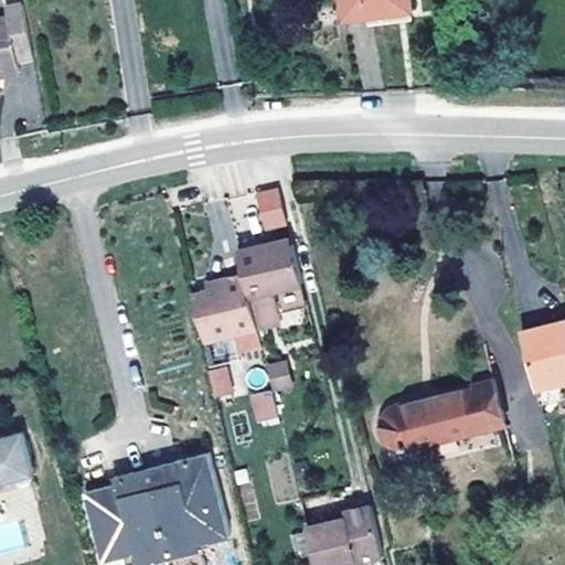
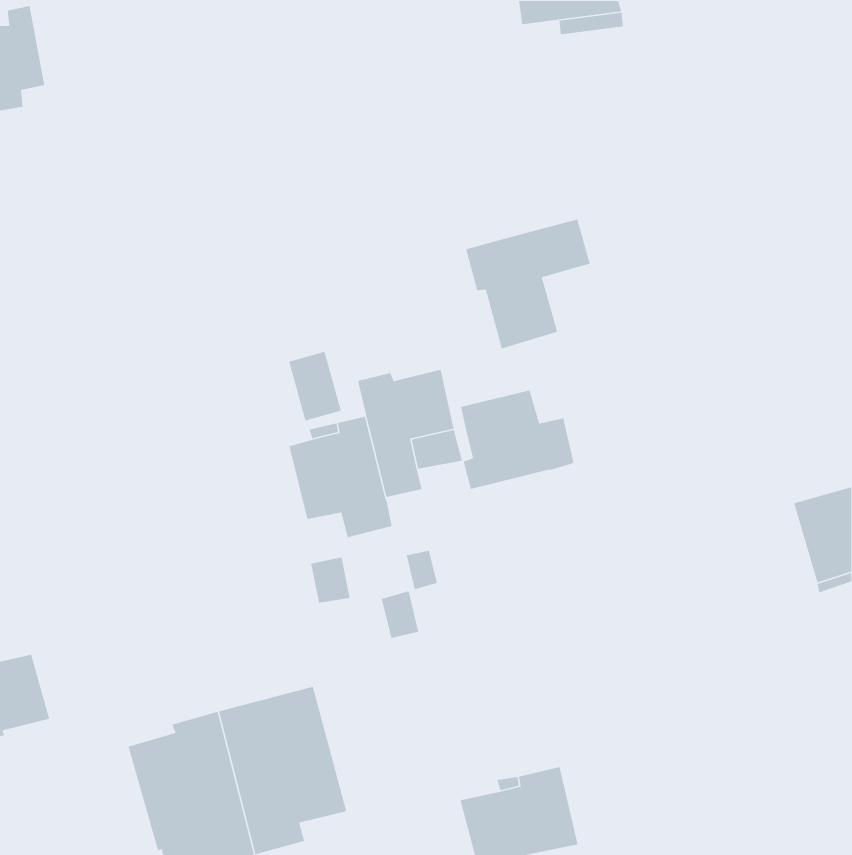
building: none -> [465,218,591,349]
building: [249,186,285,233] -> [288,351,342,421]
building: none -> [460,389,575,490]
building: [380,381,502,448] -> none

